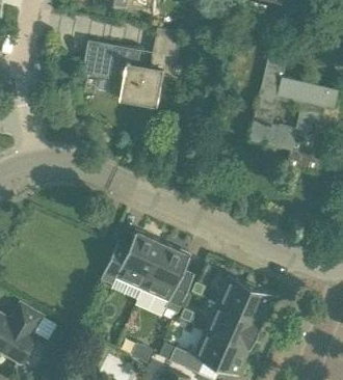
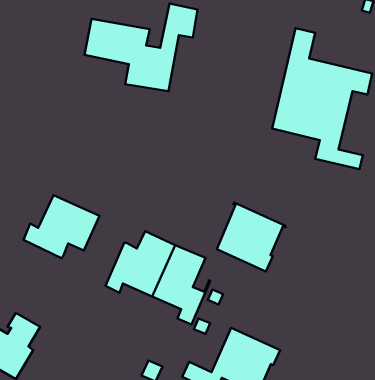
building: none -> [23,195,99,258]
building: [213,275,274,336] -> [217,203,286,271]

